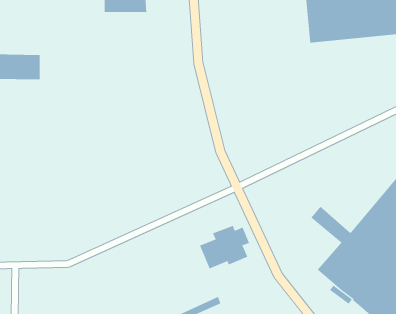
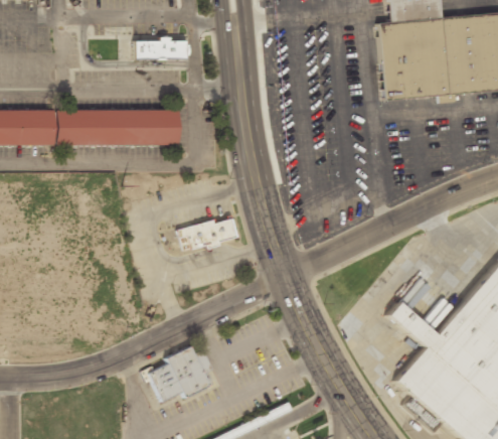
building: none -> [59,110,181,144]
building: none -> [176,217,235,248]
building: [199,225,250,269] -> [153,345,215,400]

